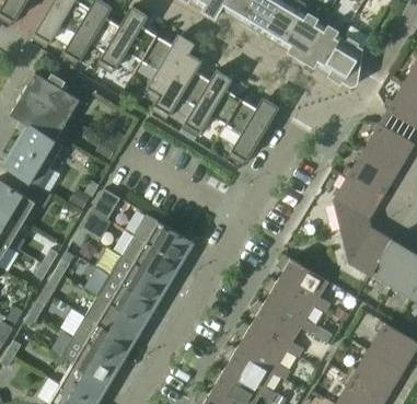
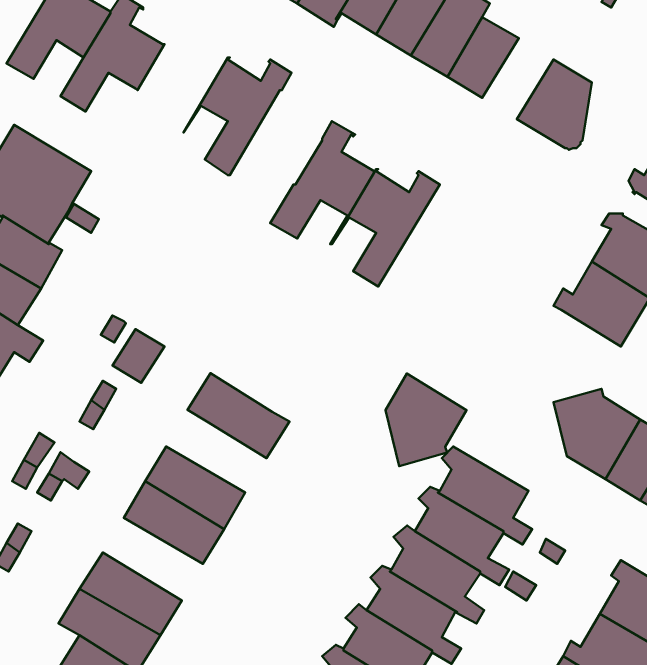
building: [97,8,158,78] -> none
building: [302,24,343,70] -> none
building: [152,54,211,119] -> none
building: [335,178,381,231] -> [386,374,466,466]
building: [123,235,179,282] -> none
building: [86,297,143,344] -> none

